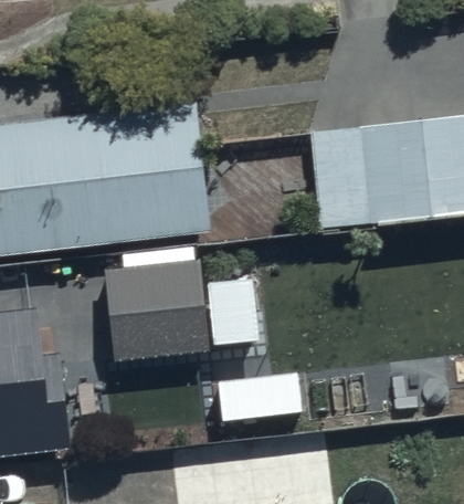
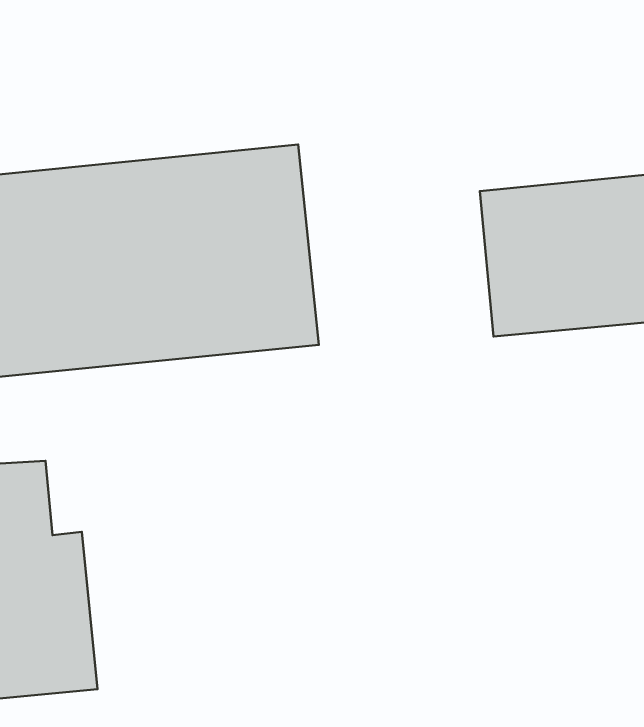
building: [102,264,204,361] -> none

